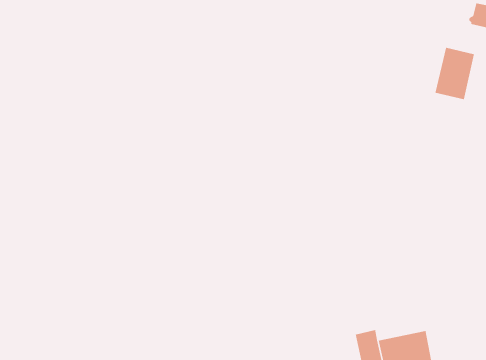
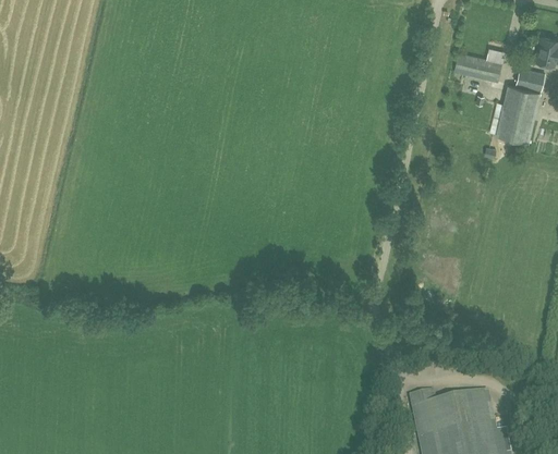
building: none -> [454,54,500,82]
building: none -> [515,69,544,91]

